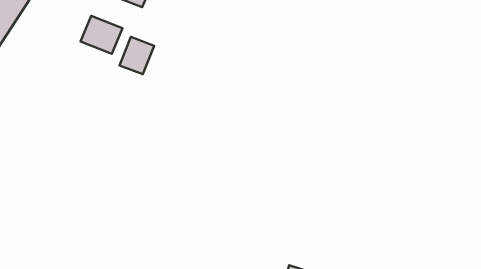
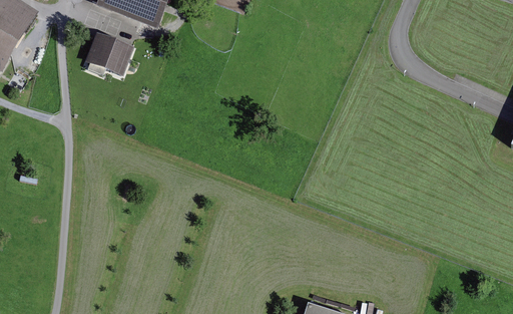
building: [120,37,154,74] -> none

